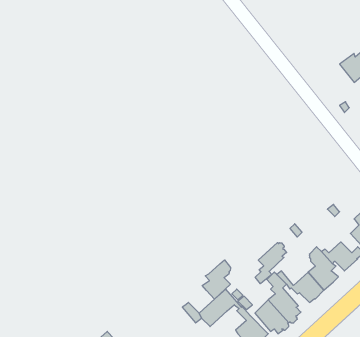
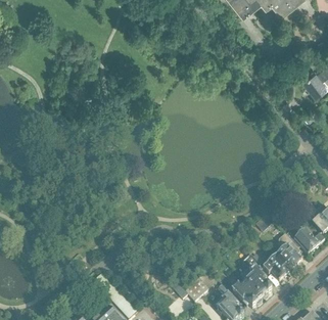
building: [255,243,287,284] -> none
building: [202,260,231,299] -> none

